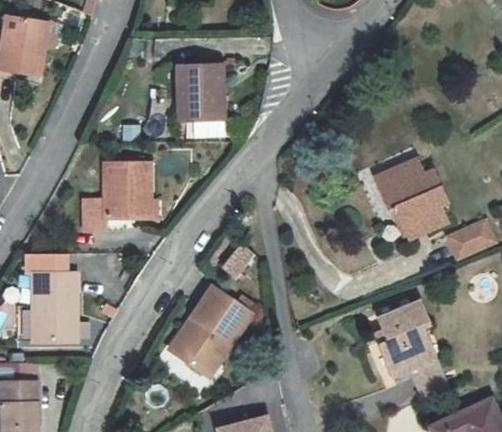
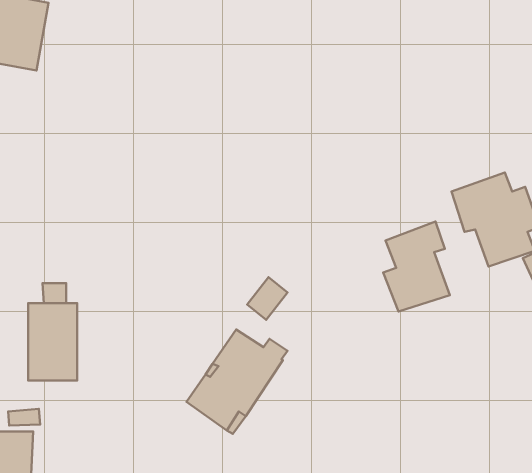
building: [179,63,220,119] -> none
building: [84,164,147,232] -> none
building: [380,298,436,374] -> [383,221,450,312]

